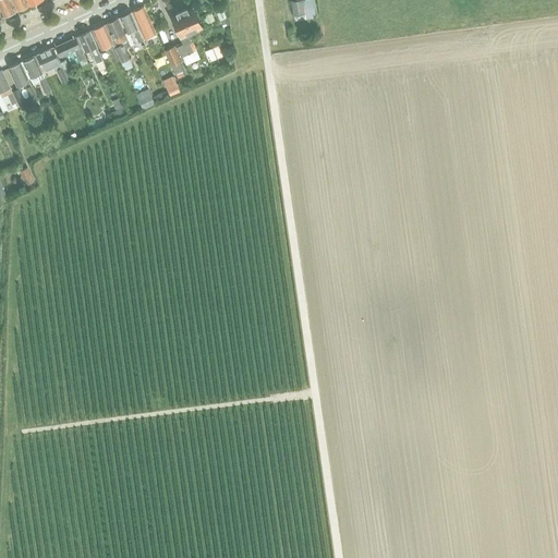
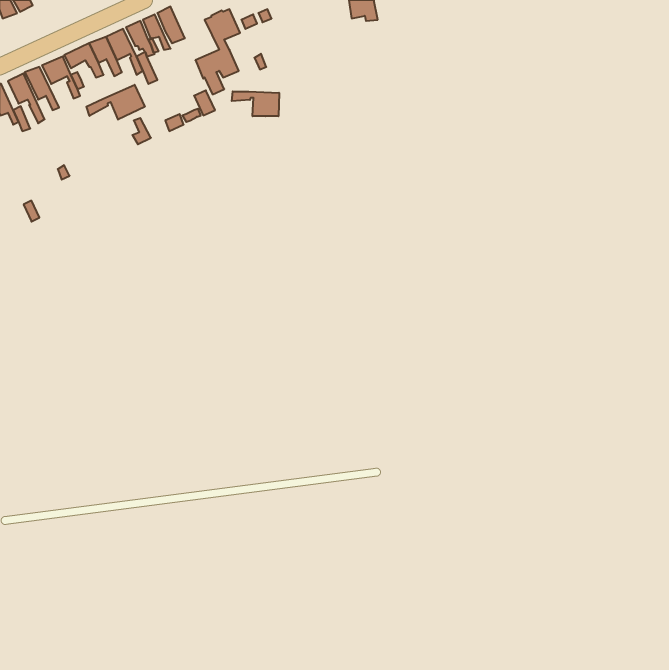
building: none -> [86,85,145,120]
building: none -> [232,91,279,116]

